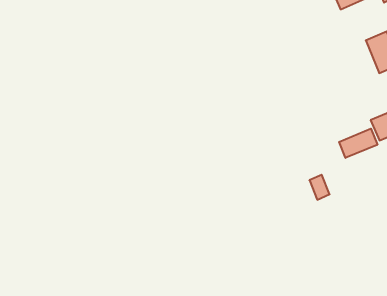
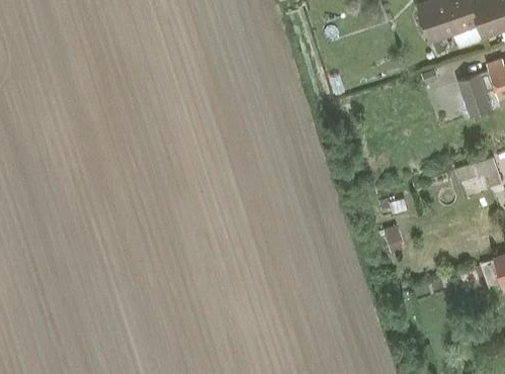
building: [339,129,377,158] -> none

